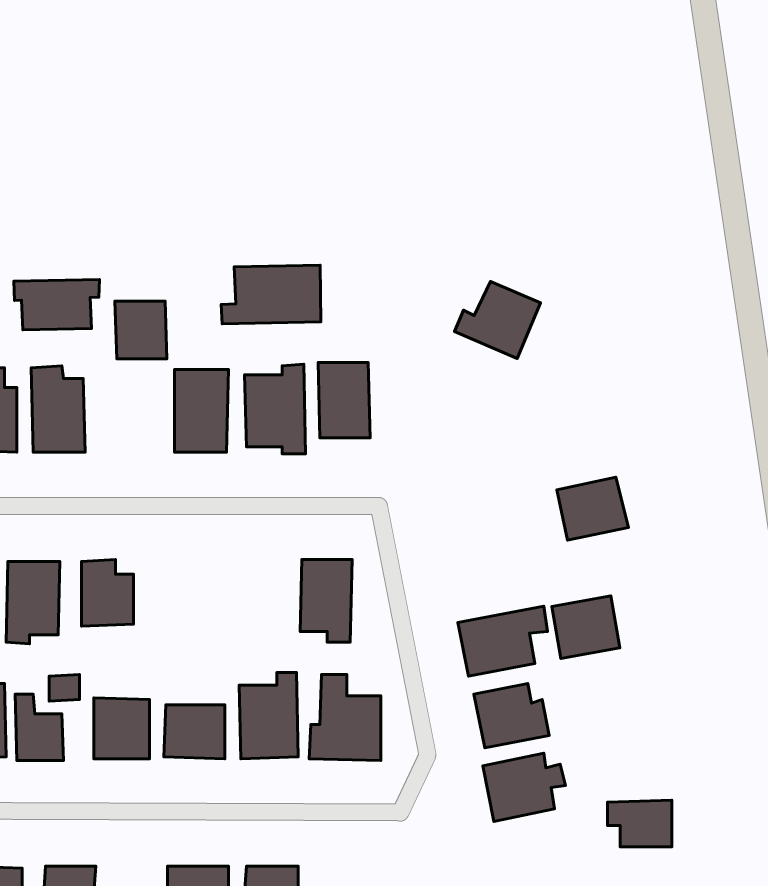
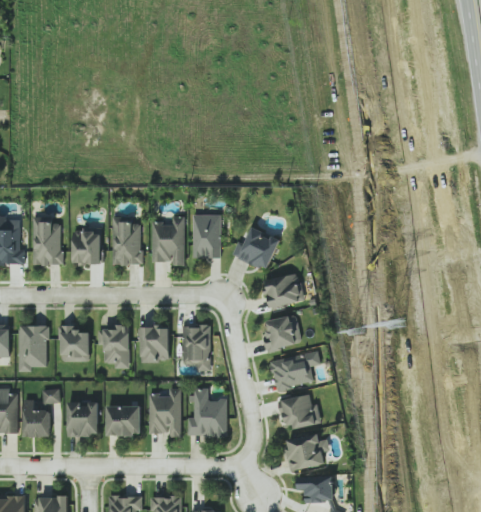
building: [221,265,321,324] -> none
building: [14,279,100,330] -> none
building: [455,281,541,359] -> [232,227,280,270]
building: [115,301,167,359] -> [72,232,101,264]
building: [557,477,628,540] -> [264,273,304,308]
building: none -> [98,327,129,368]
building: none -> [141,327,169,362]
building: [552,596,620,658] -> [263,315,301,350]
building: [607,800,672,847] -> [297,476,333,502]

